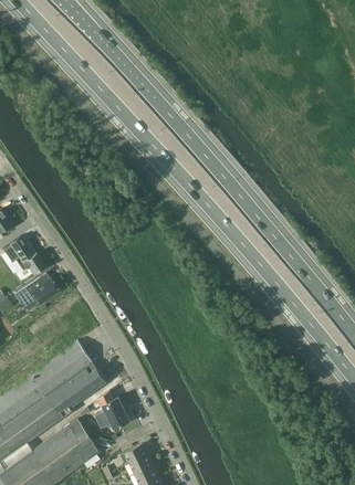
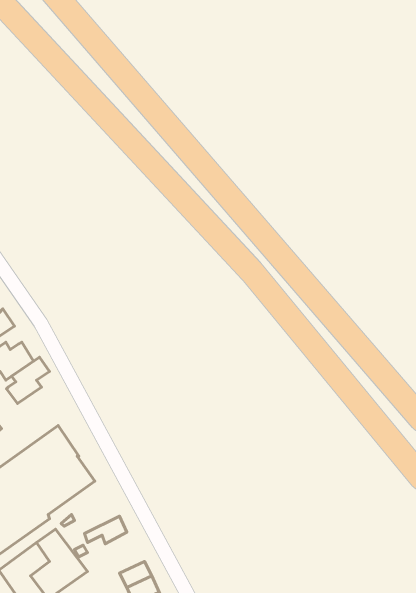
building: none -> [6,357,49,403]
building: [95,390,125,422] -> none

